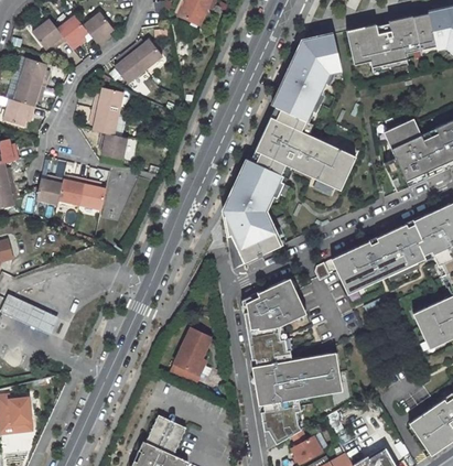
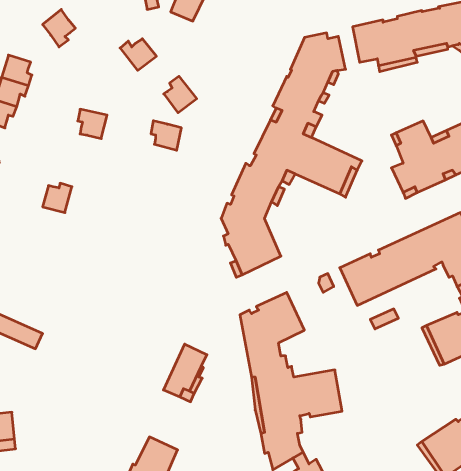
building: [82,12,111,45] -> none
building: [31,19,65,50] -> none
building: [116,51,147,85] -> [164,76,197,113]
building: [93,87,122,113] -> none
building: [97,132,126,160] -> [151,121,181,150]
building: [34,176,63,205] -> none
building: [78,181,106,210] -> none

